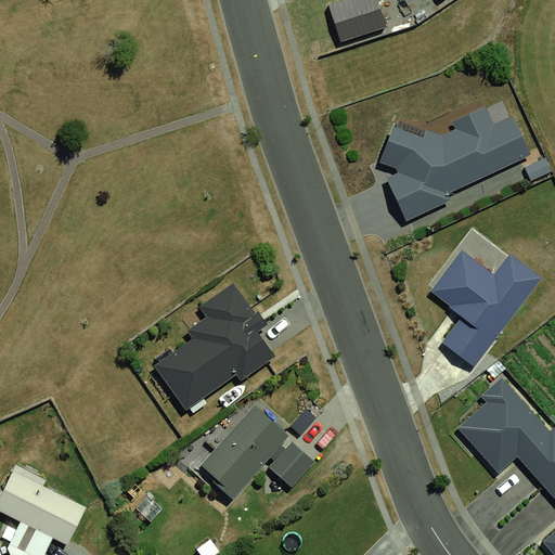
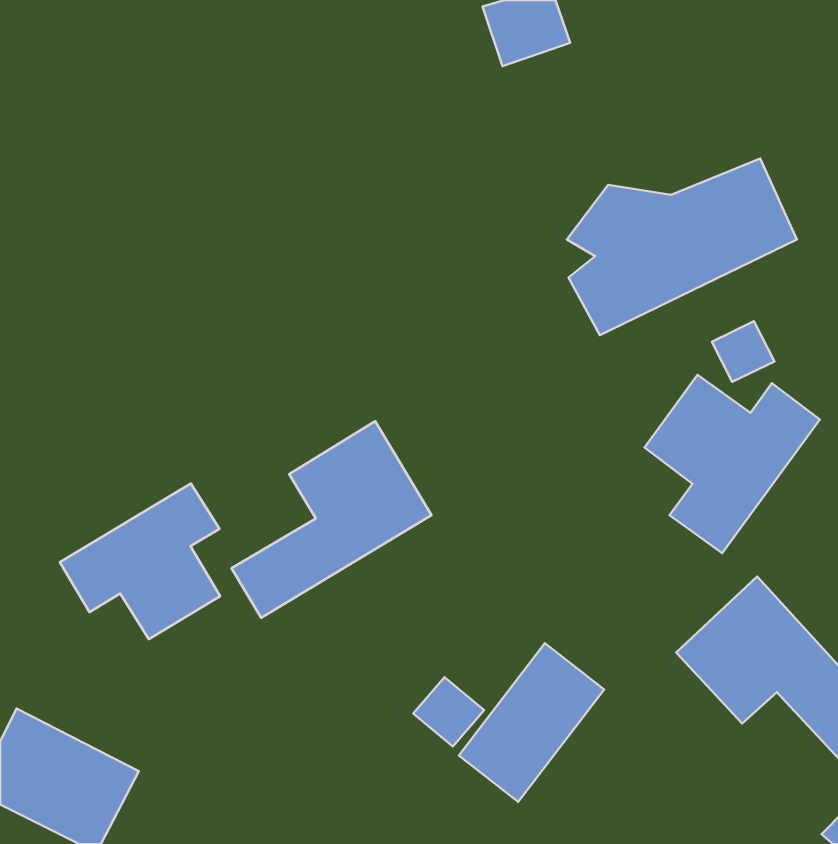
building: none -> [712,321,774,382]
building: none -> [60,483,220,639]
building: [201,396,296,500] -> [459,643,604,802]

